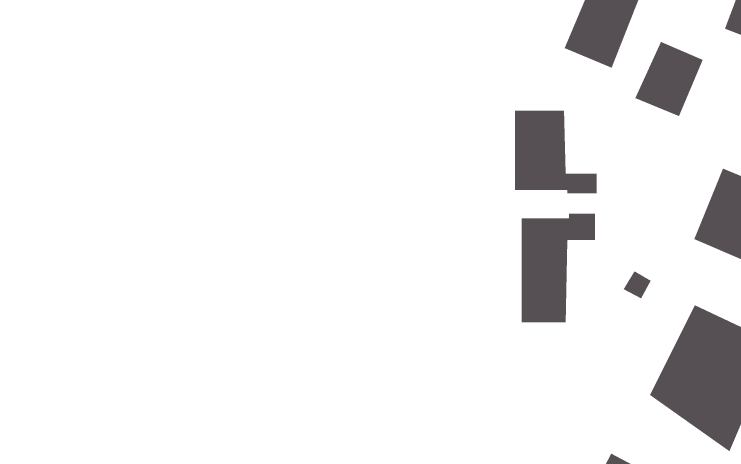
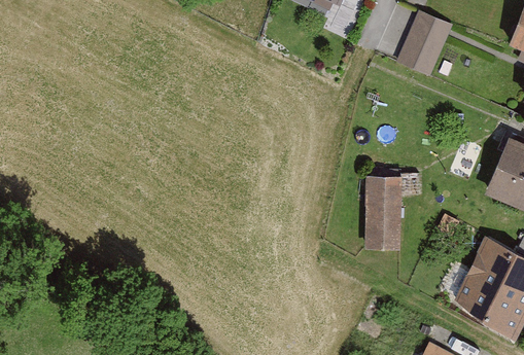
building: [634,41,704,117] -> none
building: [514,110,597,194] -> none

